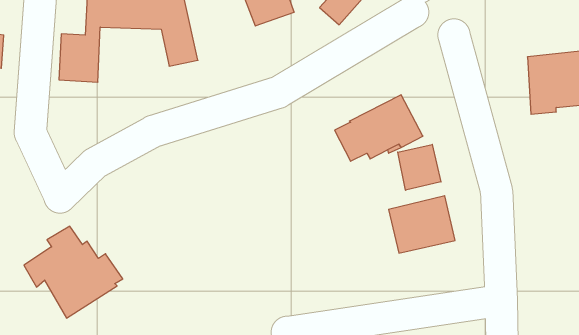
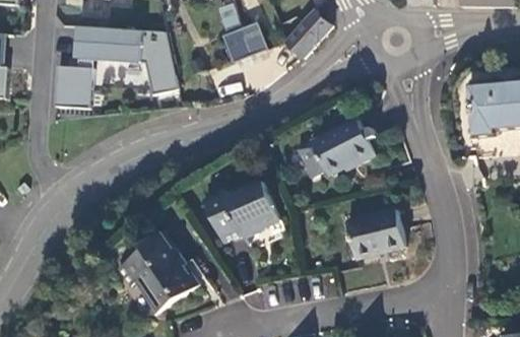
building: [398,144,441,190] -> none
building: none -> [204,182,278,241]
building: [24,226,123,318] -> [118,232,205,314]

